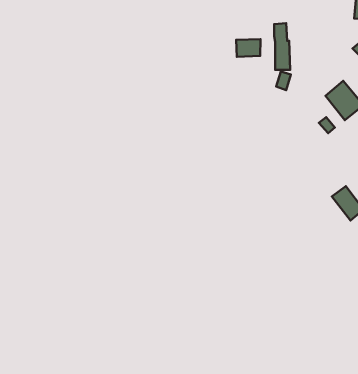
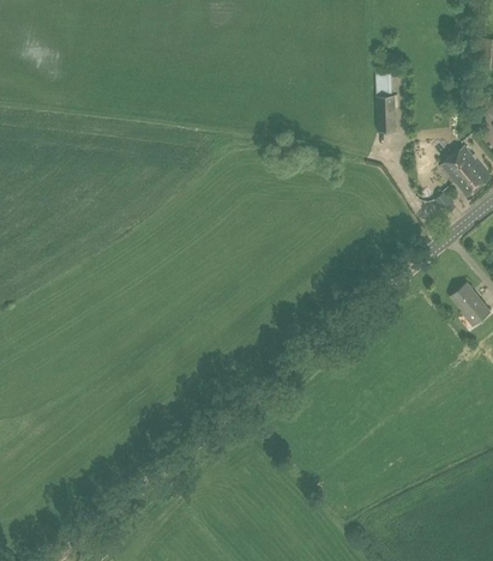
building: [236,39,261,57] -> none

